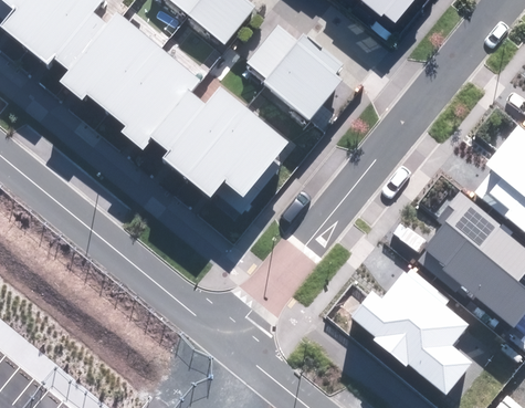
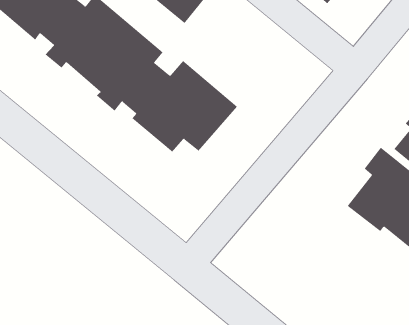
building: [245,25,344,121] -> none
building: [351,266,473,395] -> none

